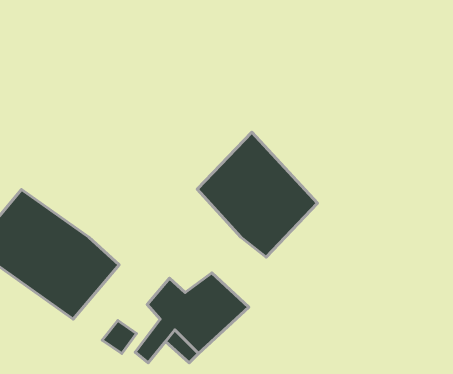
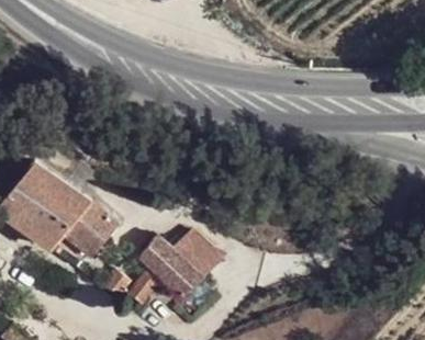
building: [197,132,317,257] -> none

